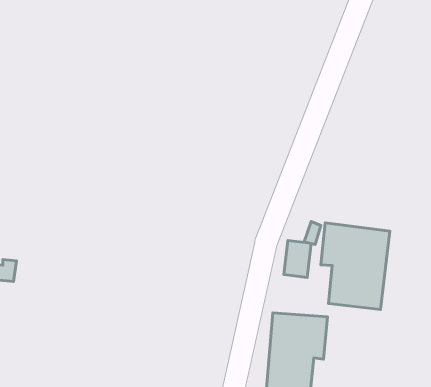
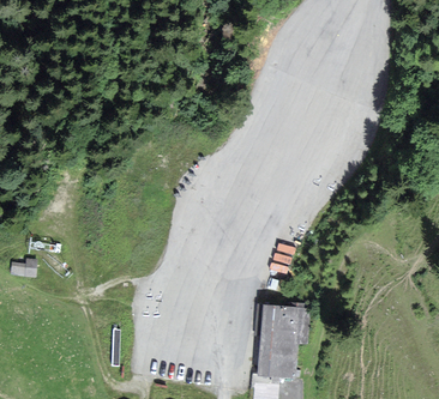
building: [321,223,390,309] -> none

